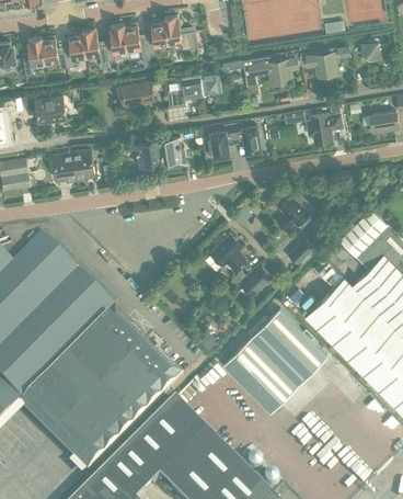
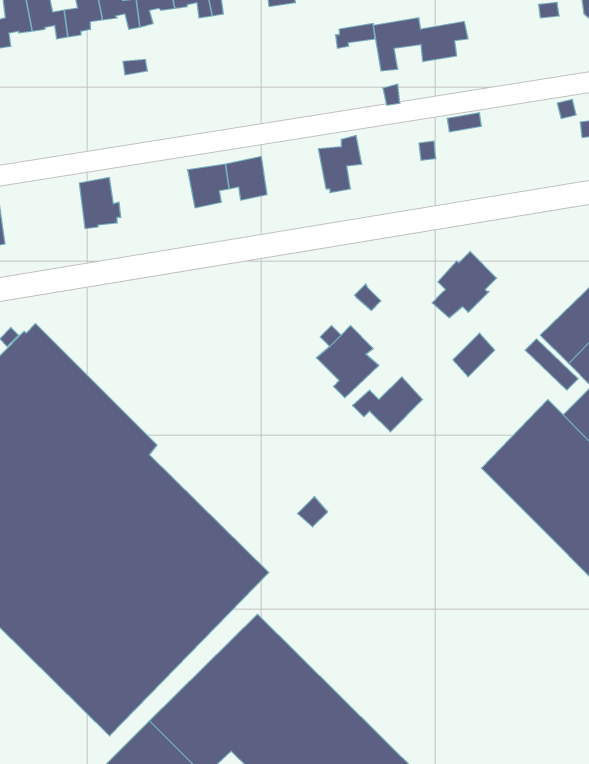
building: [306,53,336,73] -> none
building: [166,76,219,107] -> none
building: [120,81,153,104] -> none
building: [34,93,66,120] -> none
building: [306,113,341,141] -> none
building: [232,123,260,152] -> none
building: [53,151,76,180] -> none
building: [223,308,325,417] -> none

